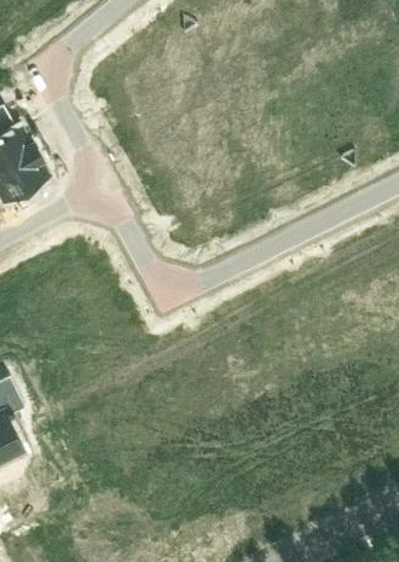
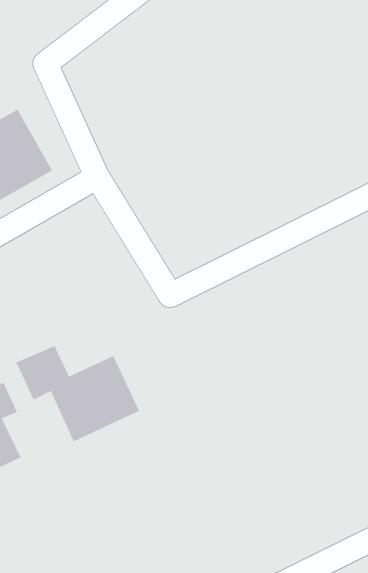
building: none -> [15,345,140,442]

